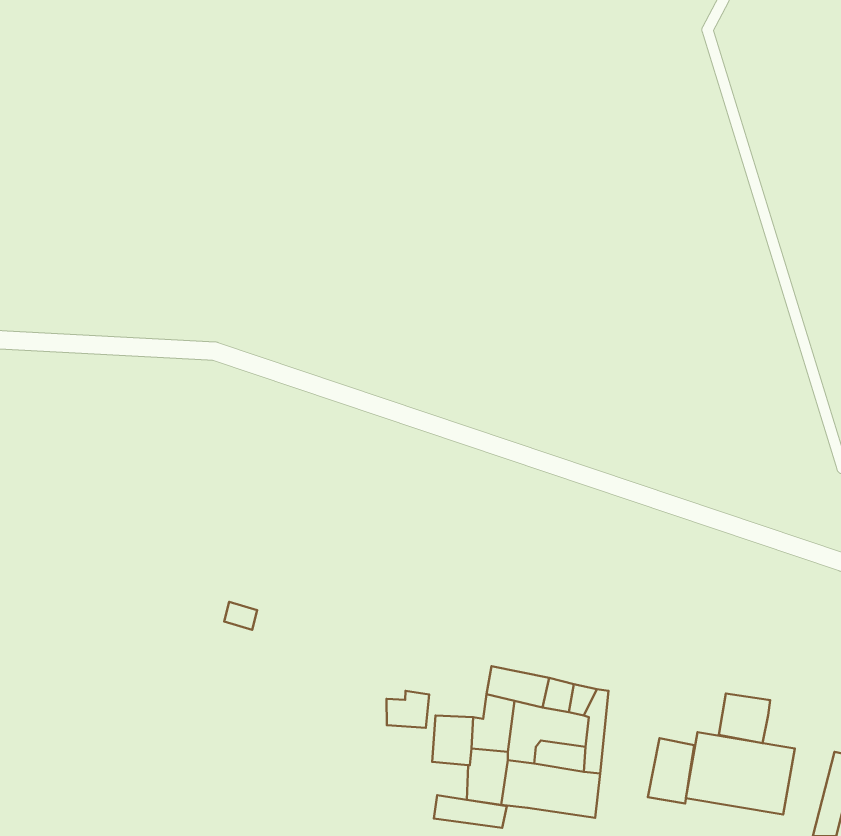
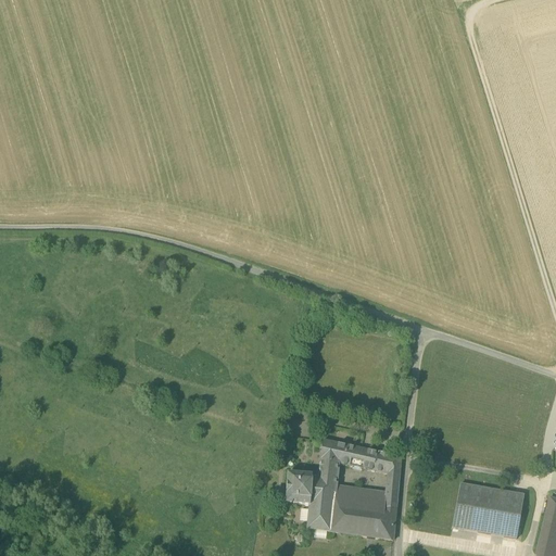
building: [386,691,429,728] -> none
building: [719,693,770,743] -> none
building: [648,738,694,804] -> none
building: [434,795,507,828] -> none

